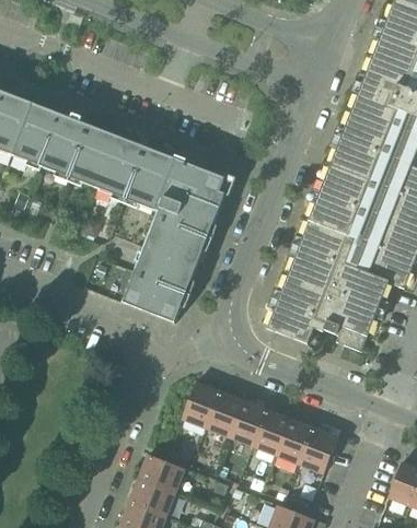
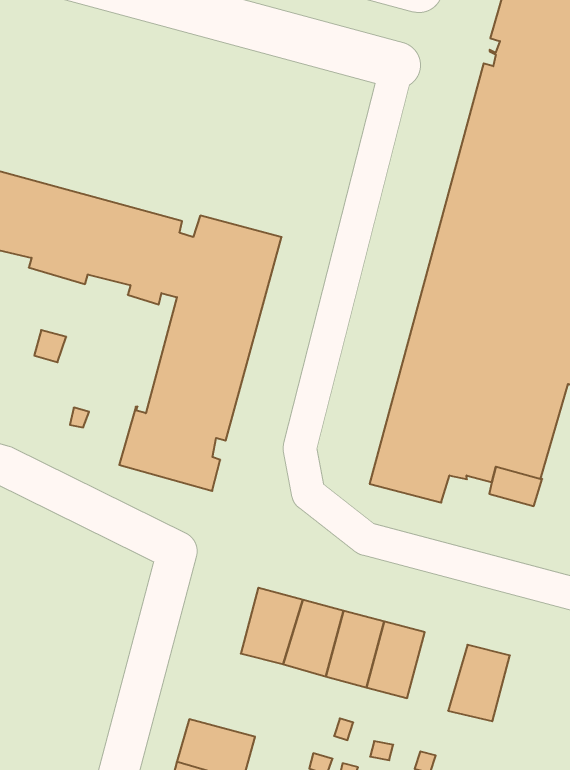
building: [276,416,314,464] -> none

